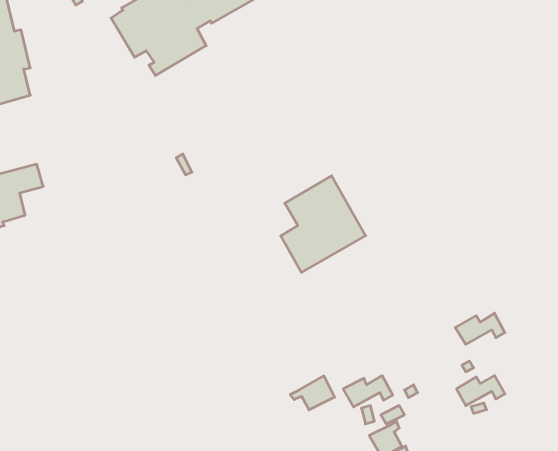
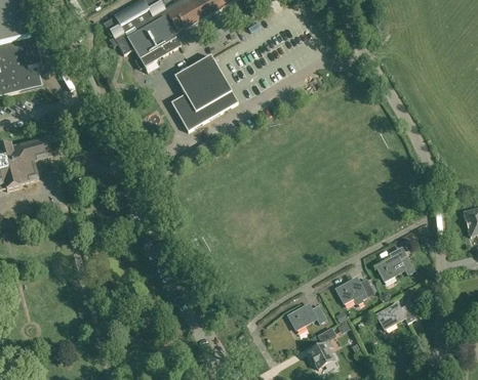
building: [281,176,366,272] -> [170,54,237,130]
building: none -> [335,278,373,303]
building: [290,376,335,410] -> none

